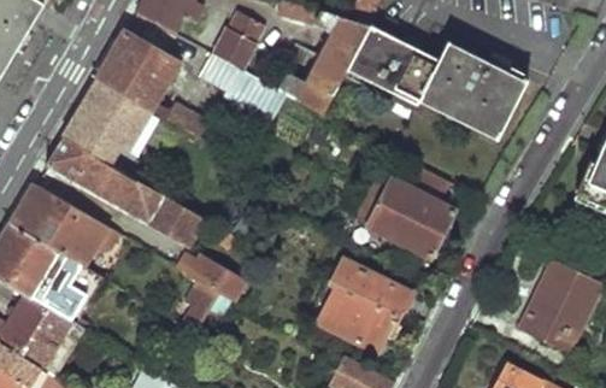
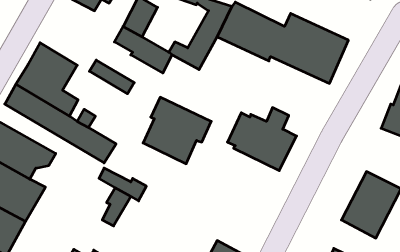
building: [96,33,177,111] -> none
building: [317,259,412,352] -> [143,97,211,164]

